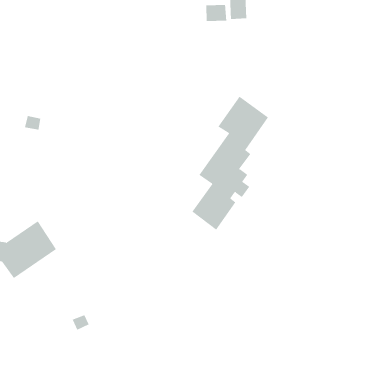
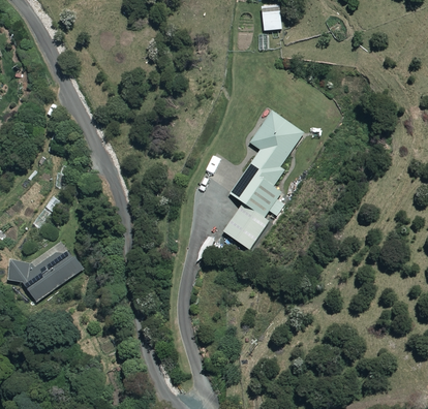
building: [206,4,227,22] -> none

